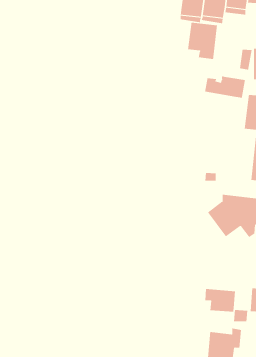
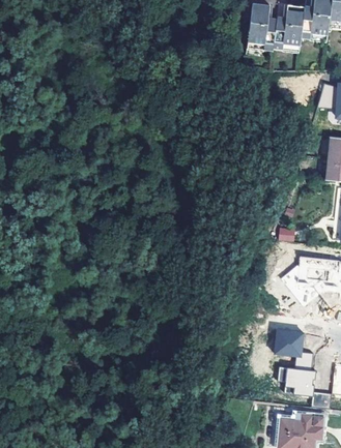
building: [188,22,217,60] -> none
building: [204,75,245,98] -> none
building: none -> [274,328,312,368]

